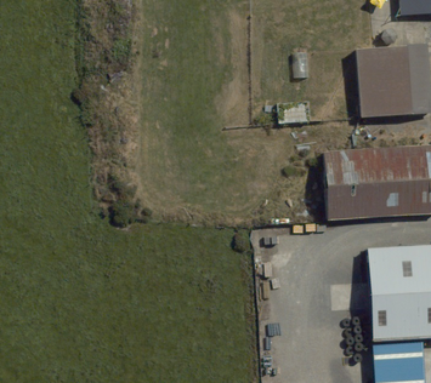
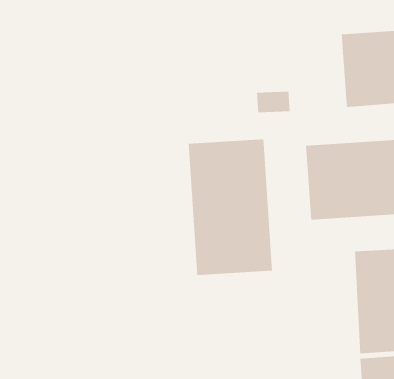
building: none -> [188,139,273,276]

